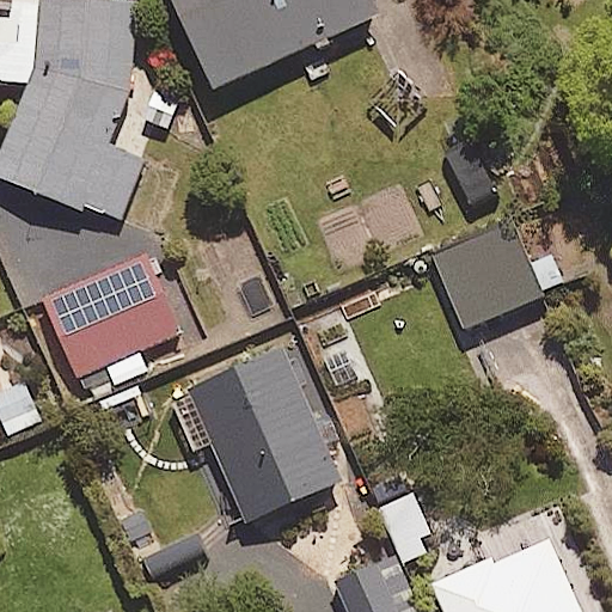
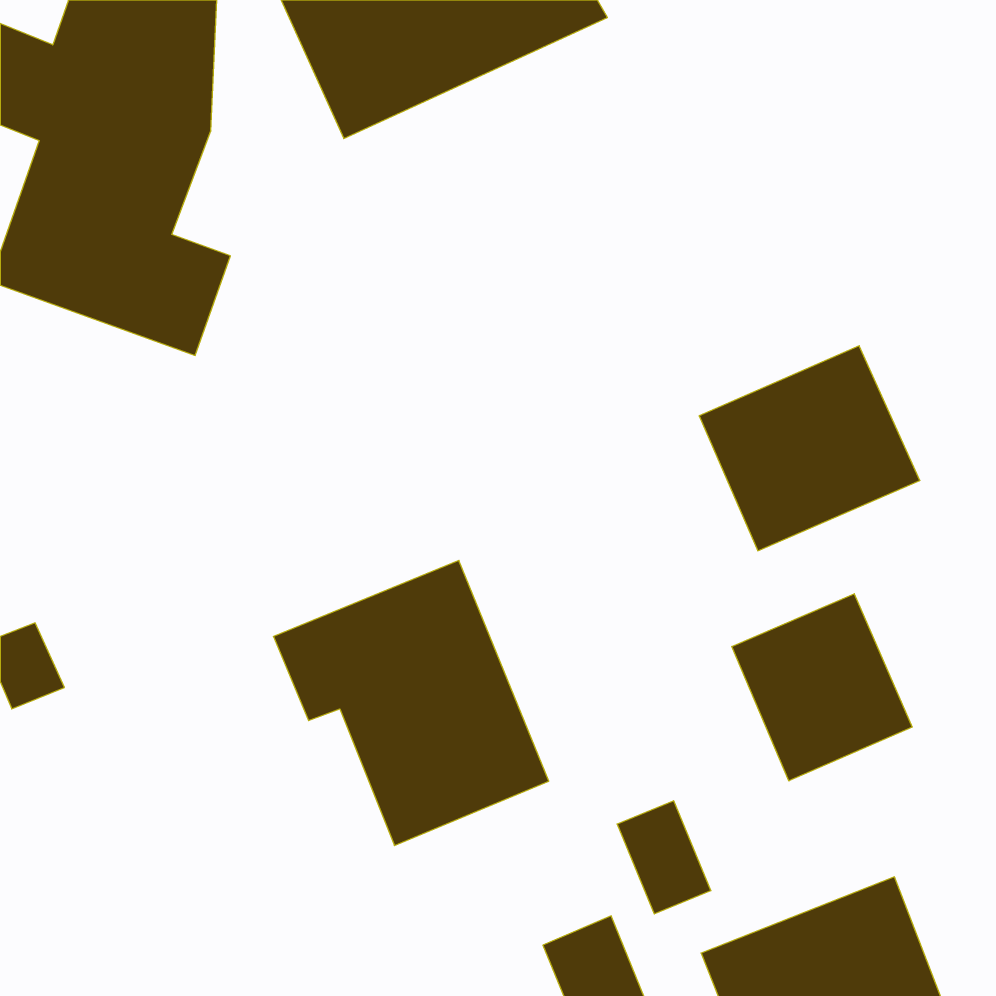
building: [43,253,184,387] -> none
building: none -> [732,594,912,781]

